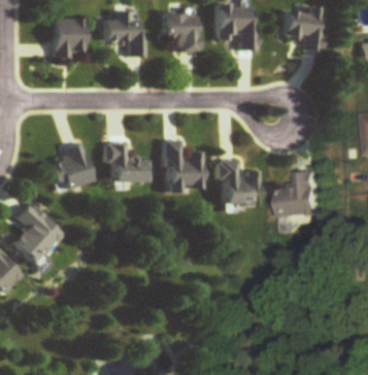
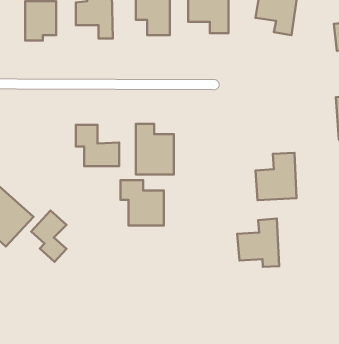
building: [44,142,89,191] -> none
building: [213,160,257,205] -> [120,180,164,226]
building: none -> [31,210,67,262]
building: none -> [237,219,279,267]

